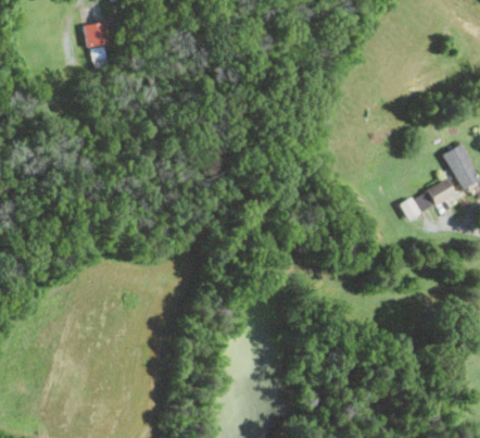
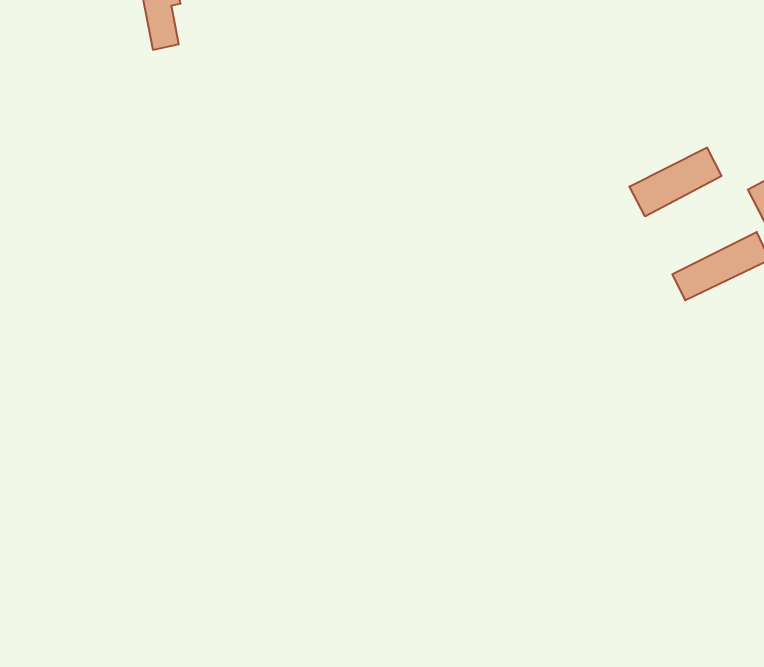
building: none -> [629,148,721,216]

